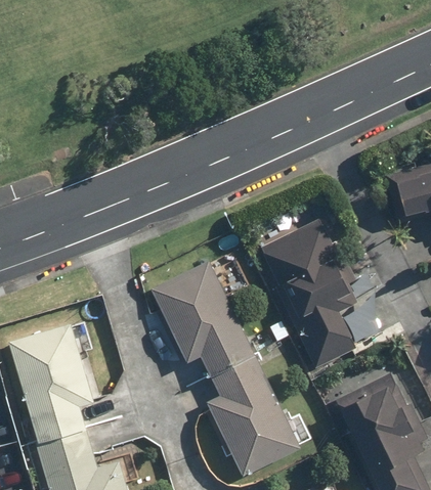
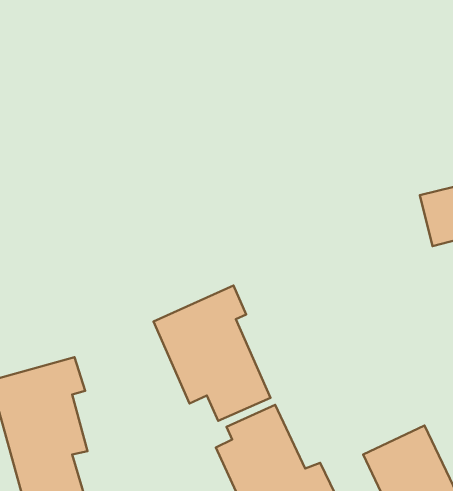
building: [256,218,357,367] -> none

